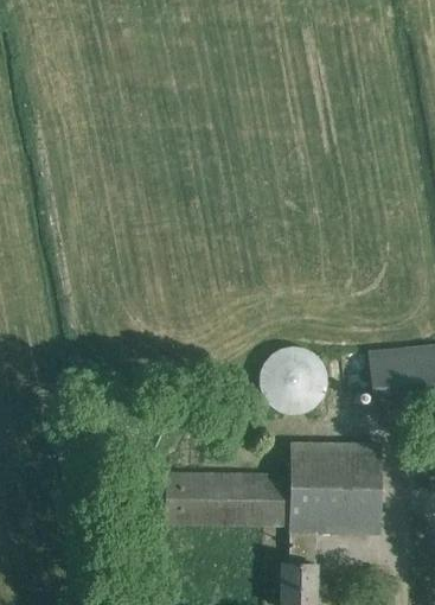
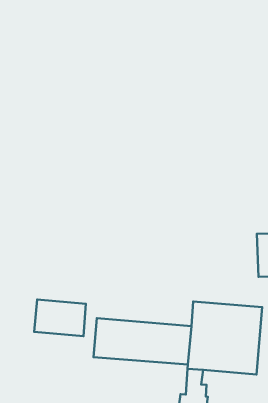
building: [260,348,327,414] -> none
building: none -> [34,300,86,336]

